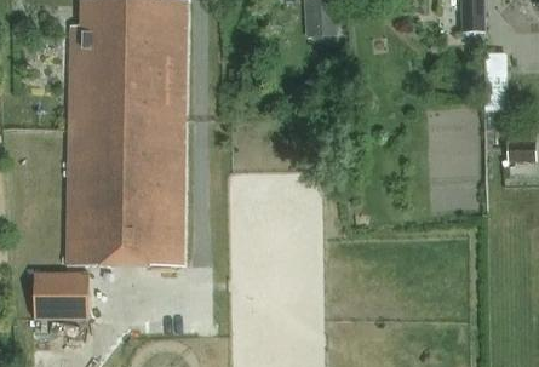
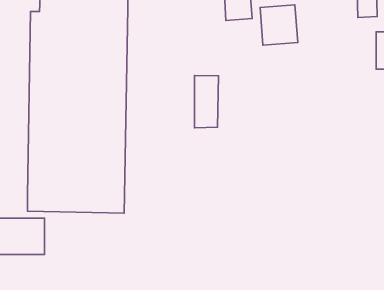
building: none -> [260,5,298,45]
building: none -> [195,76,218,128]

